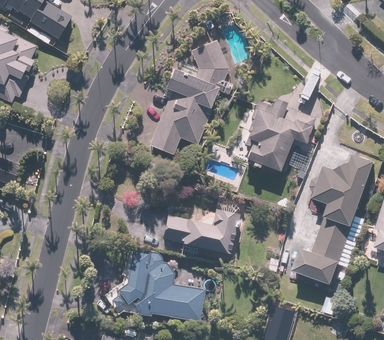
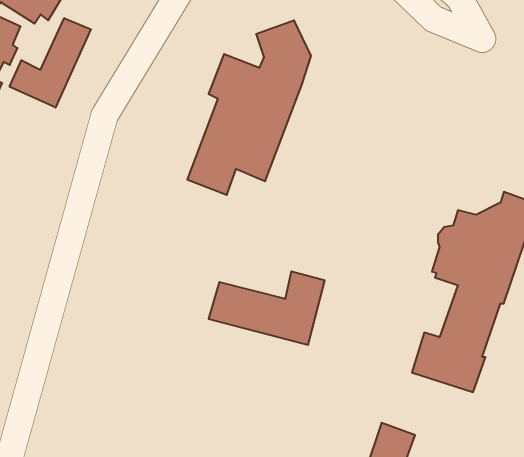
building: none -> [10,18,91,108]
building: [243,97,316,170] -> none
building: [111,249,203,321] -> none

